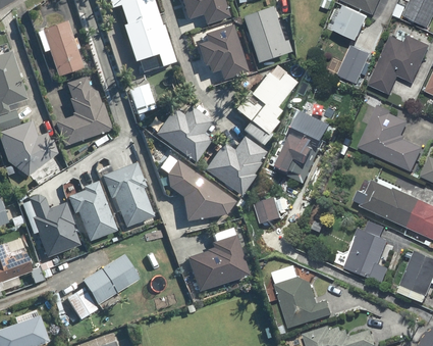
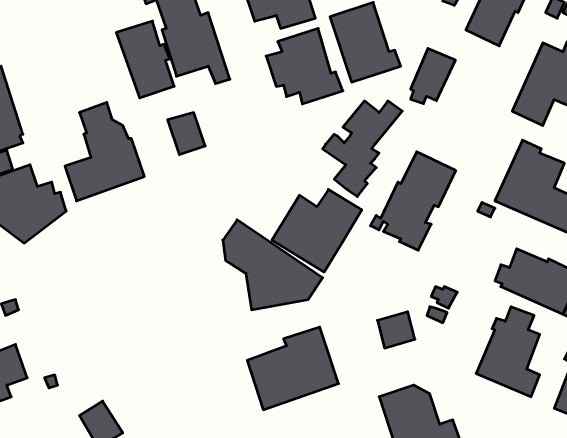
building: [42,21,83,76] -> [116,21,174,98]
building: [340,45,372,84] -> [411,48,455,104]
building: [157,105,213,161] -> none
building: [102,161,155,228] -> none
building: [68,181,118,241] -> none
building: [18,195,77,259] -> none
building: [257,198,283,224] -> [377,312,415,348]
building: [82,254,139,304] -> none

